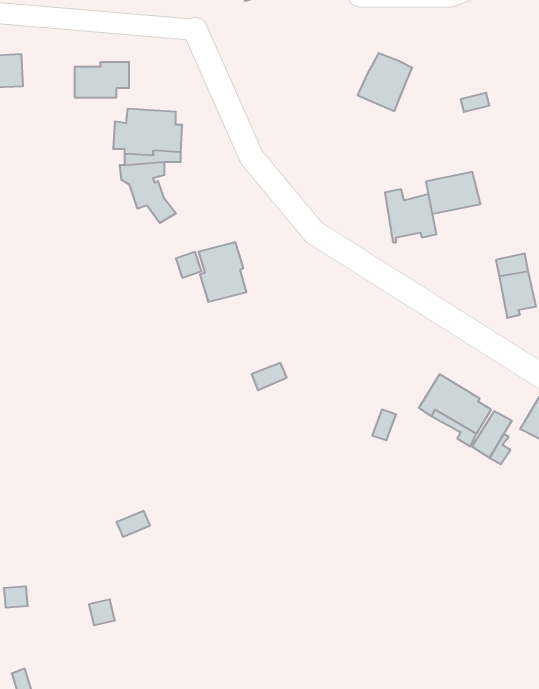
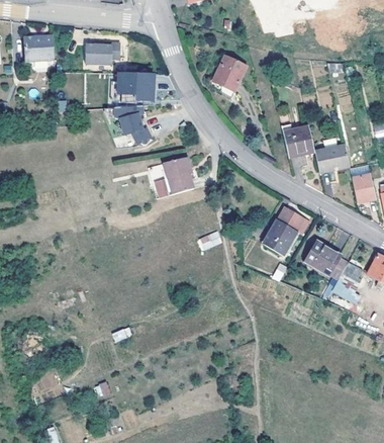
building: [357,53,412,111] -> [217,57,252,93]
building: [426,172,481,214] -> [313,145,348,171]
building: none -> [264,204,296,252]

